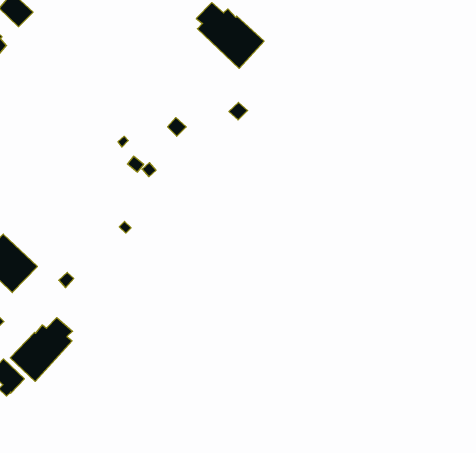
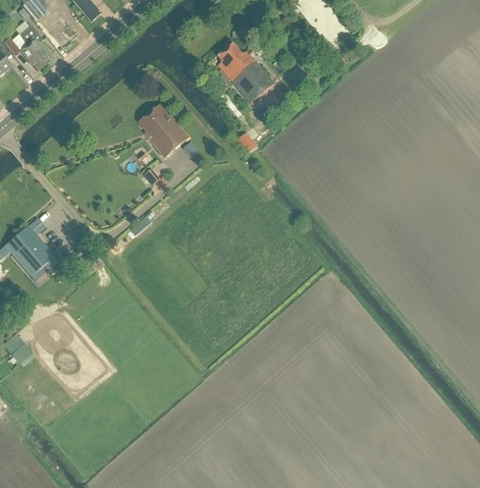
building: none -> [138,103,189,157]
building: [10,318,73,381] -> none

